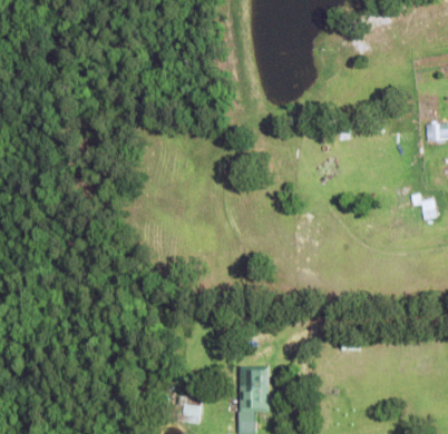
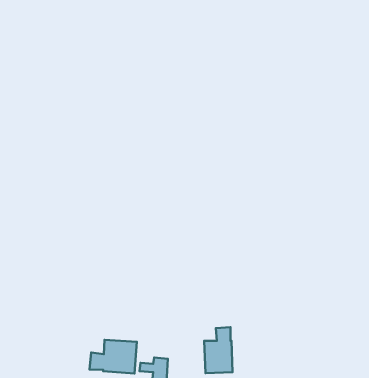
building: none -> [89,340,137,373]

